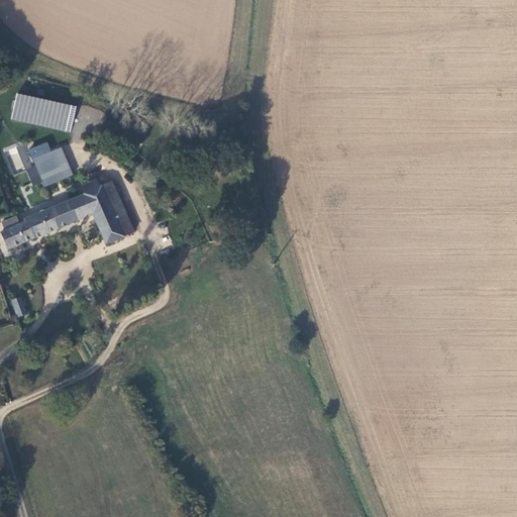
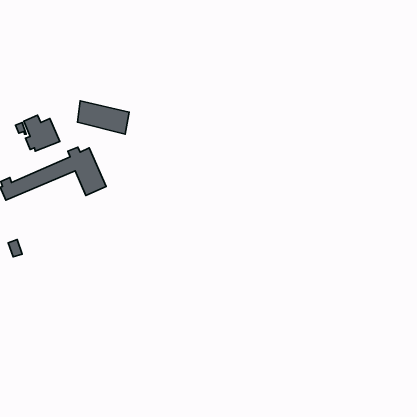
building: [10,91,74,132] -> [78,101,129,134]

